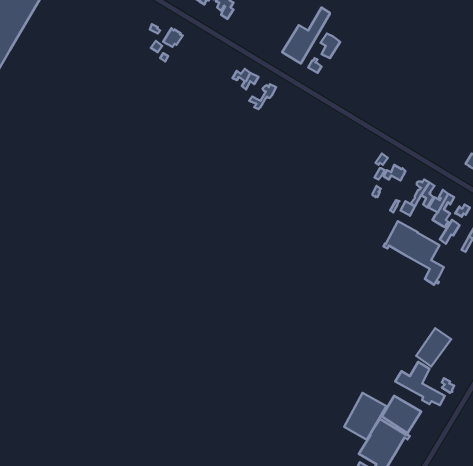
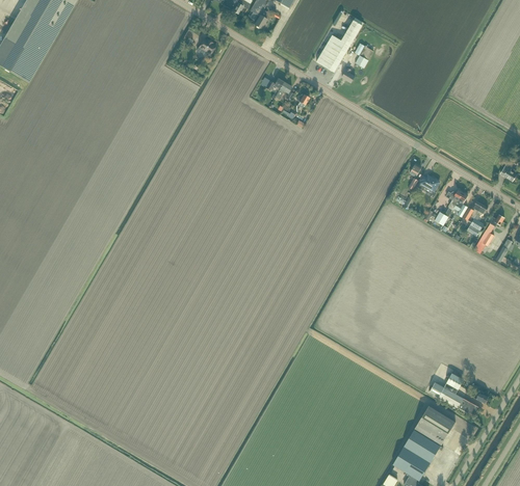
building: [384,221,444,285] -> none
building: [416,328,451,367] -> none
building: [344,393,386,440] -> none

